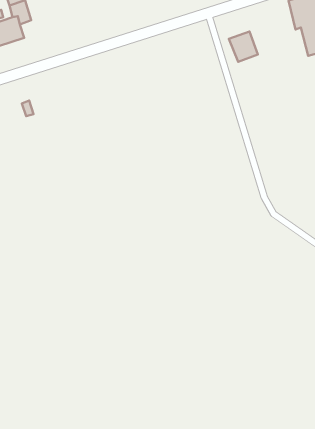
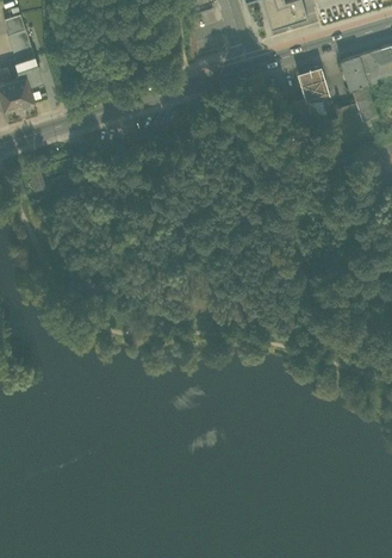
building: [229,32,258,62] -> [293,66,326,100]

